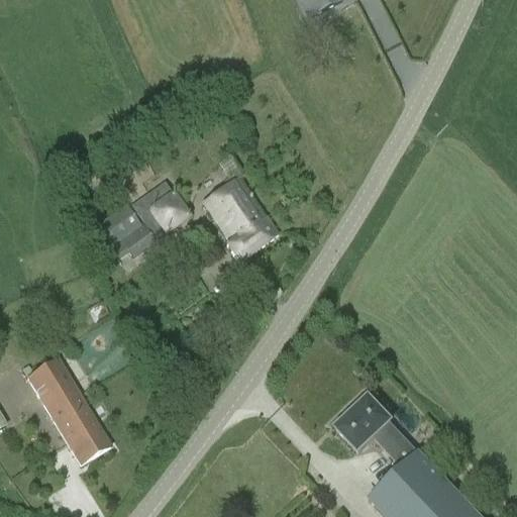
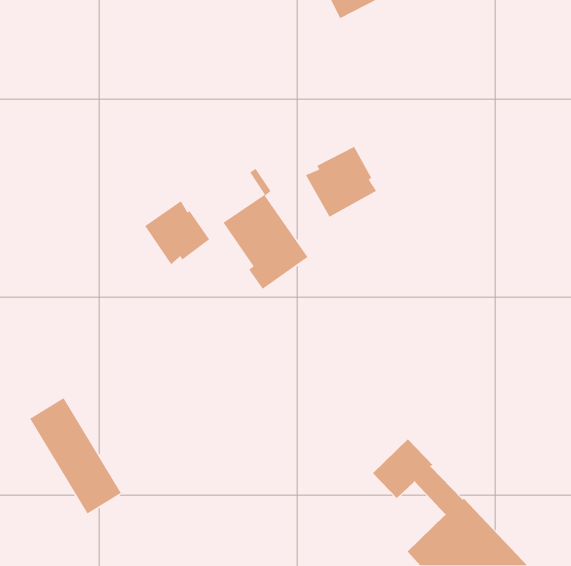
building: none -> [305,146,377,218]
building: [94,203,156,261] -> none

